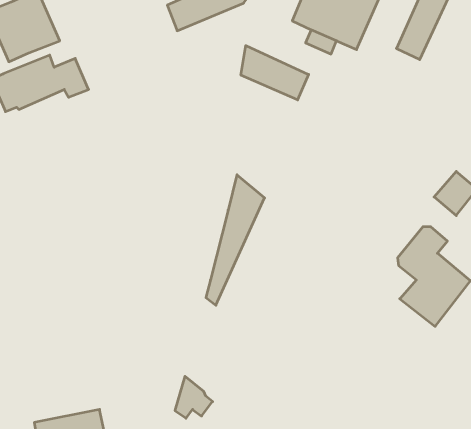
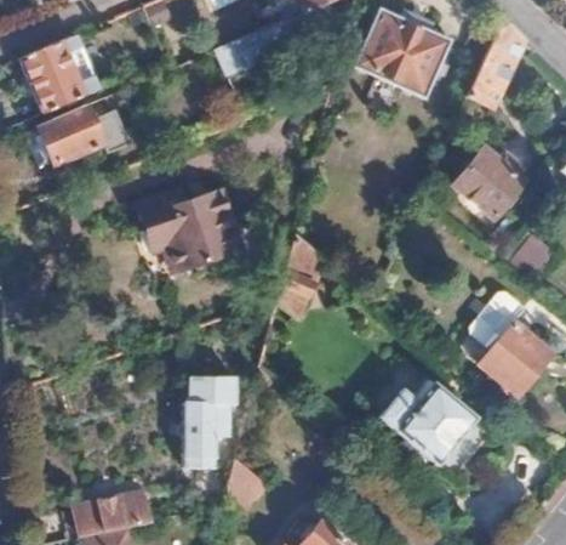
building: [241,46,309,100] -> none
building: none -> [453,147,524,217]
building: none -> [137,189,242,273]
building: none -> [373,377,475,465]
building: none -> [182,380,235,469]

